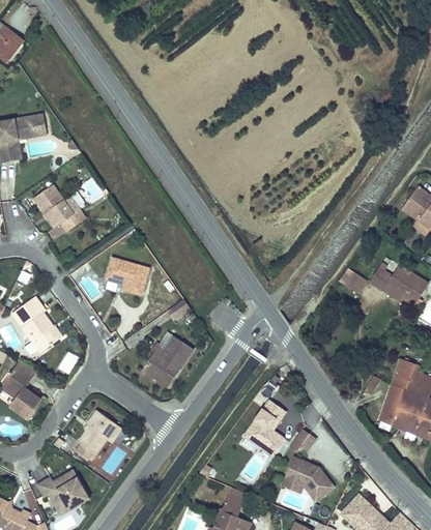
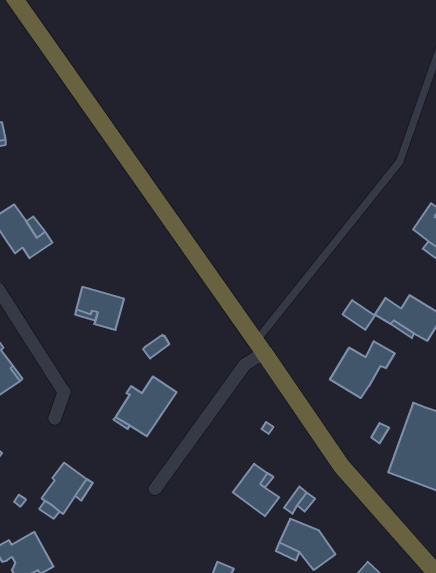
building: none -> [330,341,395,398]

